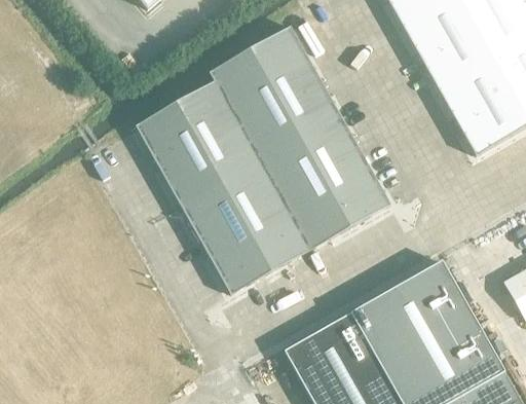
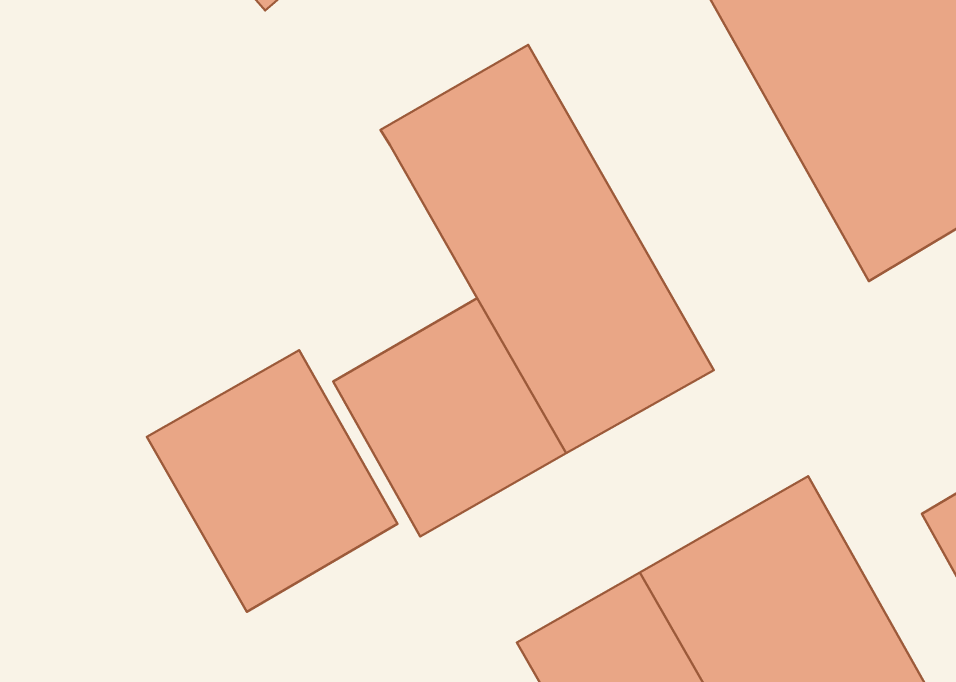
building: [137,80,263,209] -> none
building: none -> [147,350,397,612]

